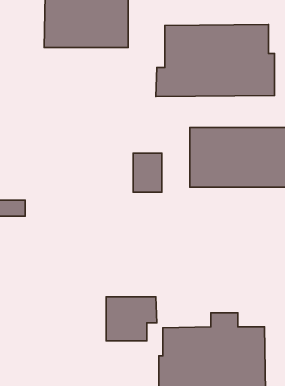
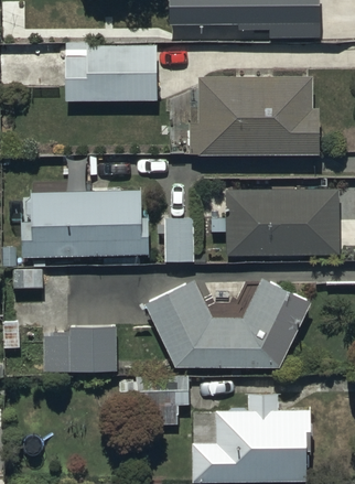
building: none -> [20,191,148,258]
building: none -> [144,279,311,368]
building: none -> [42,327,117,374]

